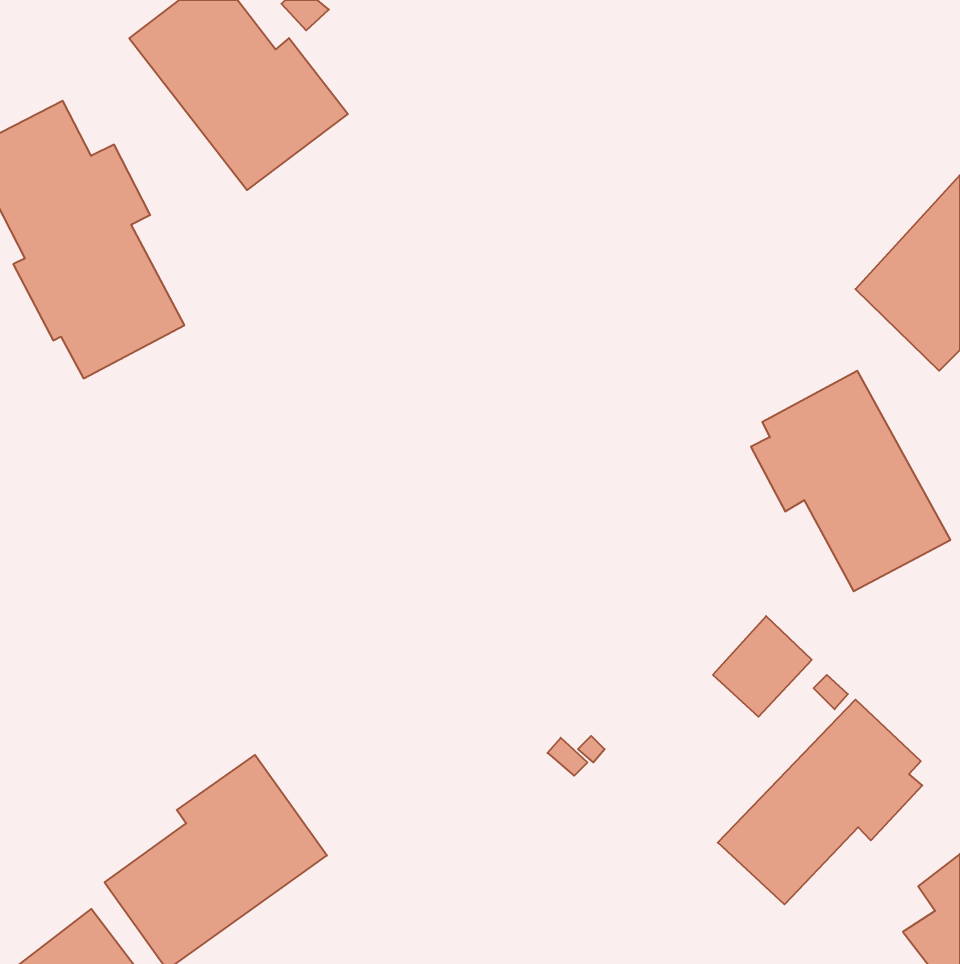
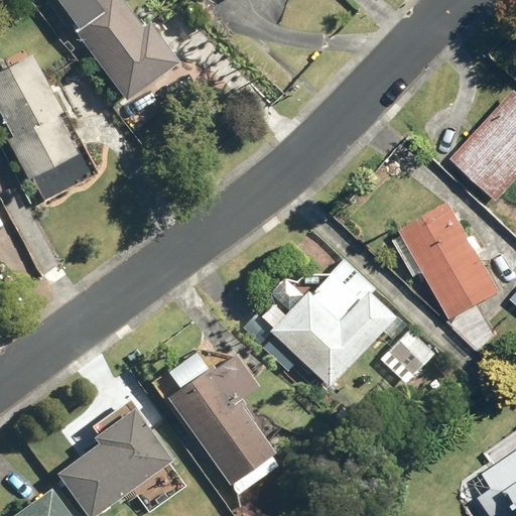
building: none -> [257,260,398,387]
building: none -> [165,347,278,494]
building: [718,700,922,904] -> none

